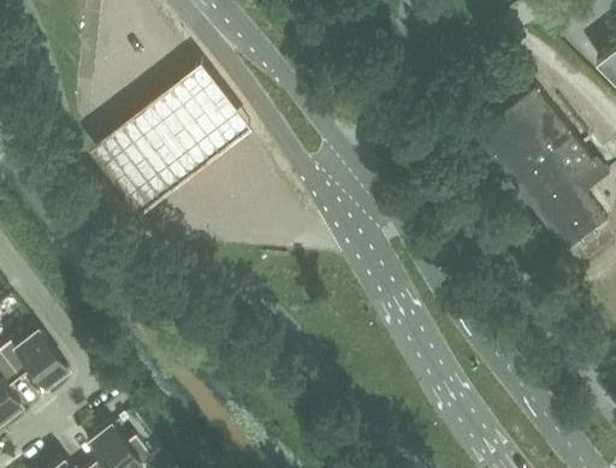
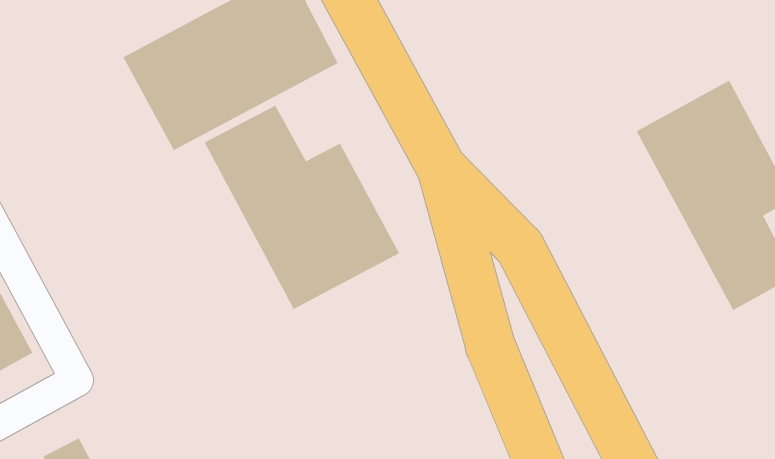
building: none -> [204,105,400,310]

